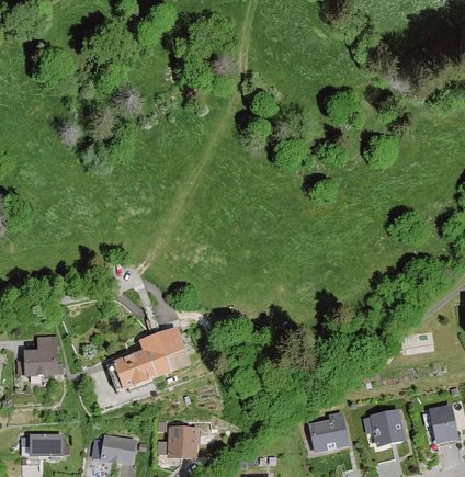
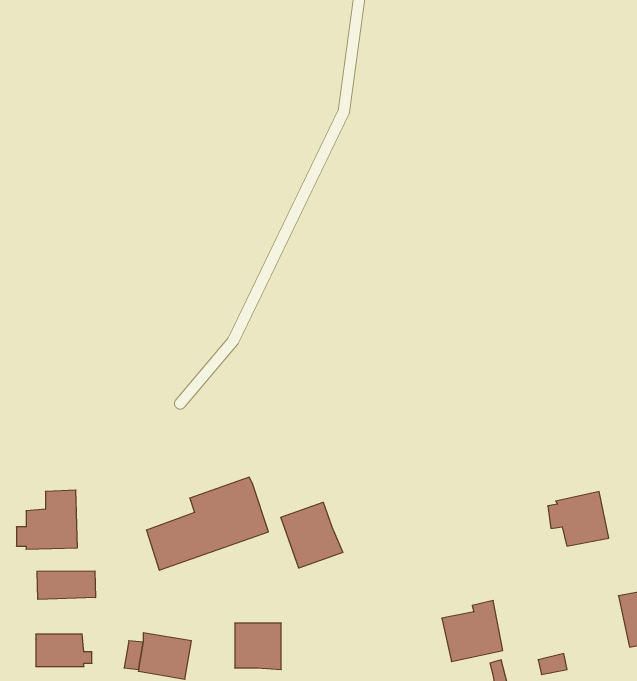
building: none -> [281,502,343,568]
building: none -> [37,571,95,599]
building: [364,408,406,445] -> [548,492,609,546]

